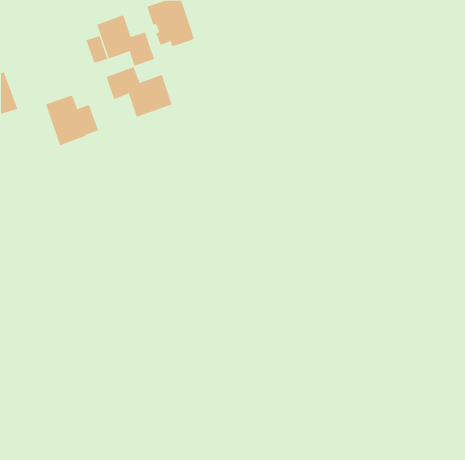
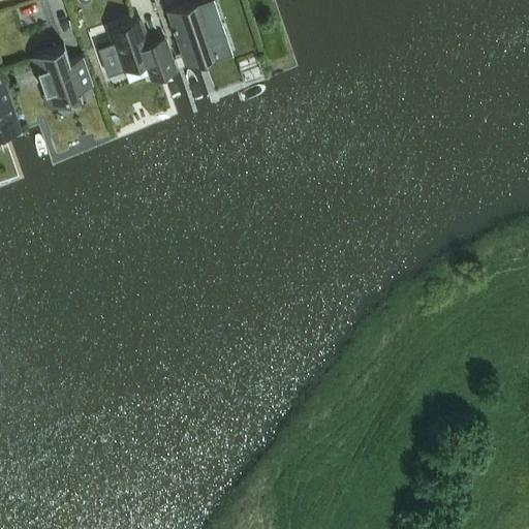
building: [106,66,172,117] -> none
building: [45,95,99,146] -> [33,49,94,106]

